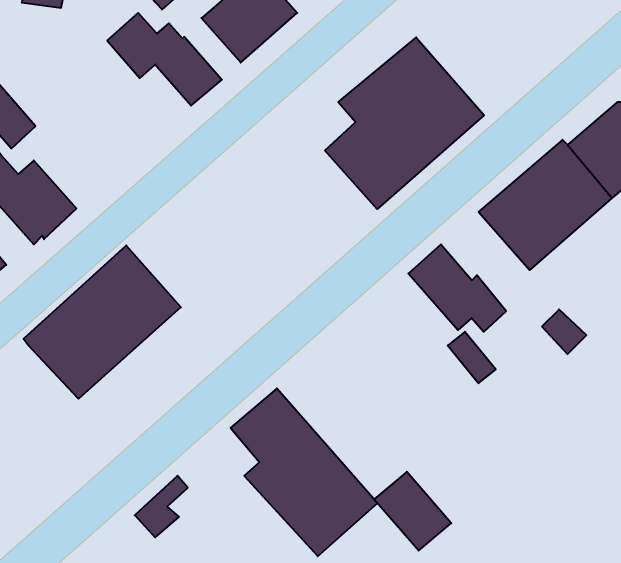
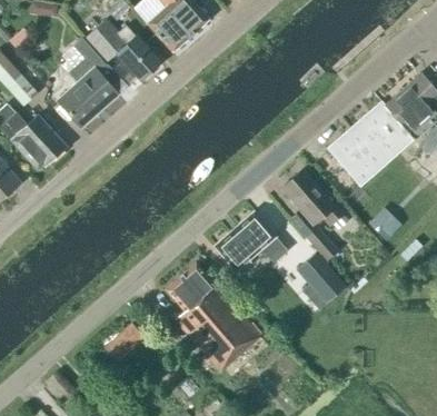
building: [325,37,484,209] -> none
building: none -> [58,39,118,128]
building: [24,245,181,399] -> none
building: none -> [215,212,282,271]
building: [374,472,451,551] -> [296,252,346,304]

